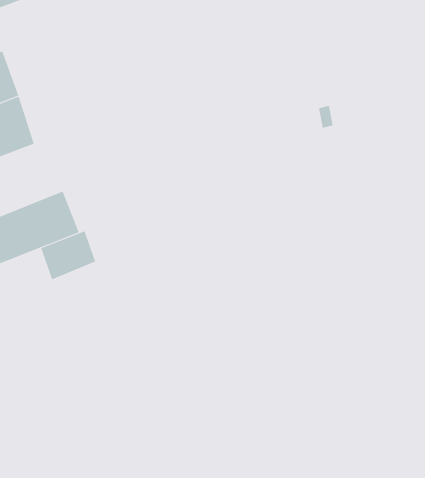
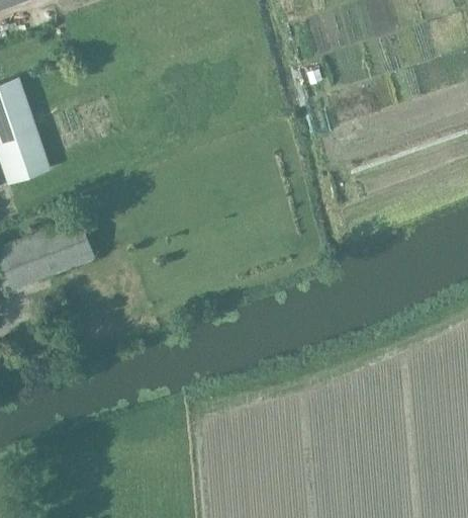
building: [41,230,96,280] -> none

